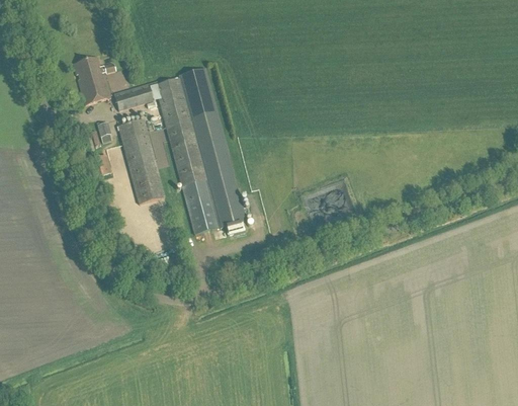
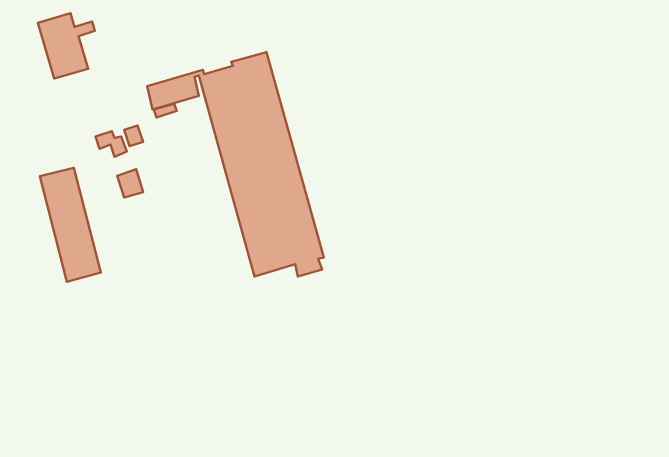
building: [73,56,115,104] -> [38,13,95,78]
building: [118,118,164,204] -> [40,168,101,282]

